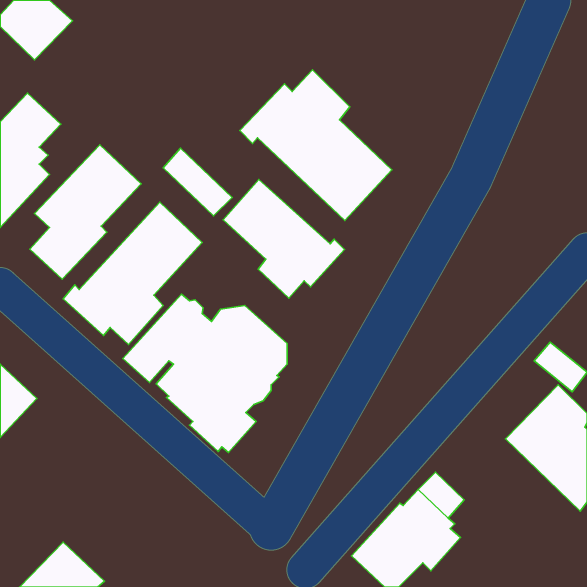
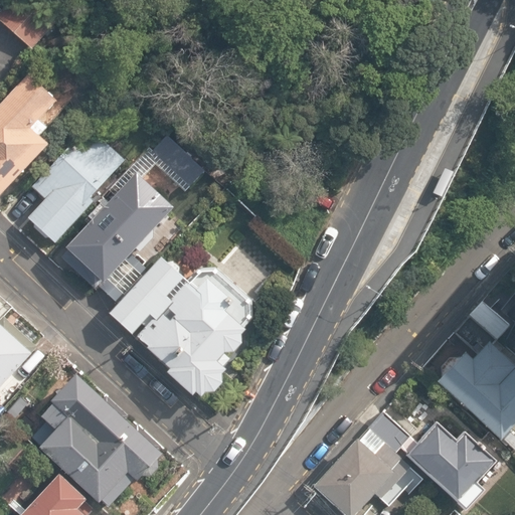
building: [240,70,392,221] -> none
building: [223,179,344,298] -> none
building: none -> [32,372,164,507]
building: none -> [400,422,488,508]

